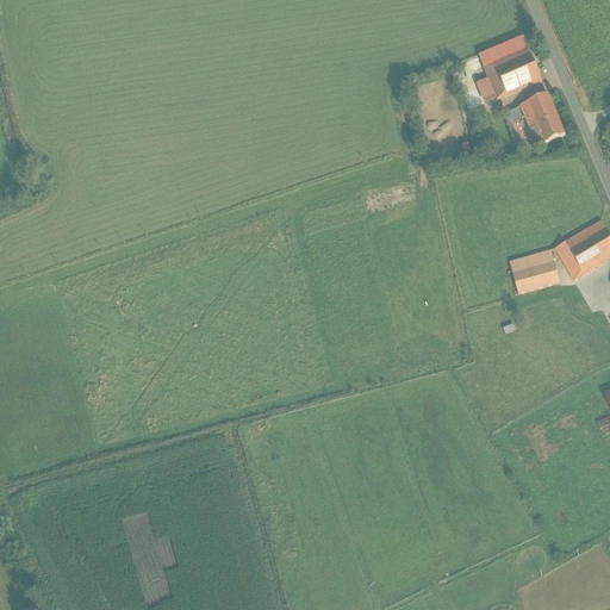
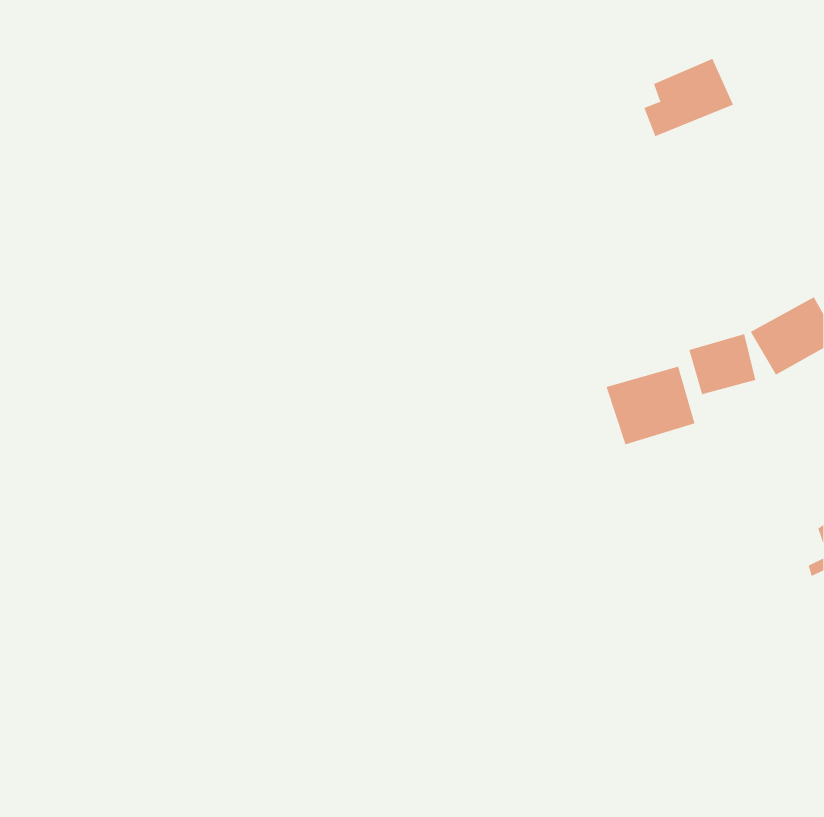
building: [518,91,565,143] -> none
building: none -> [606,366,695,445]

